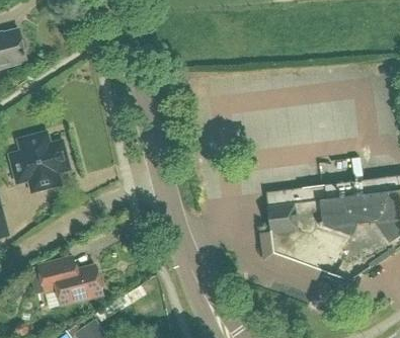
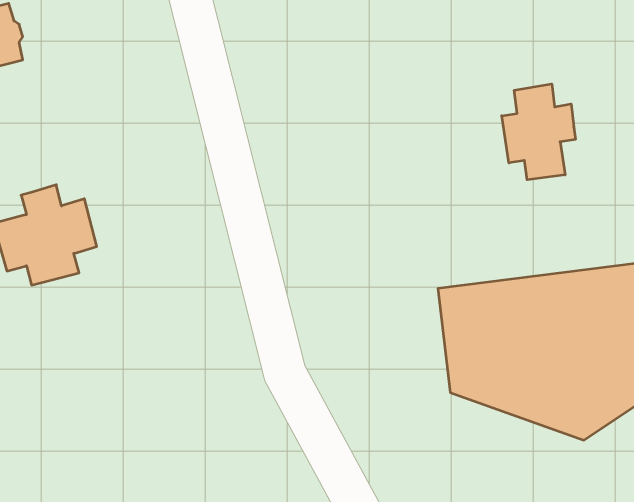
building: none -> [502,84,575,180]
building: [36,257,101,305] -> none

